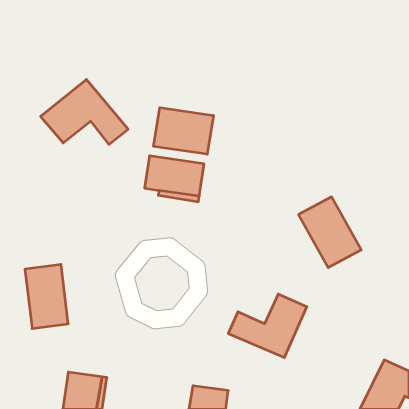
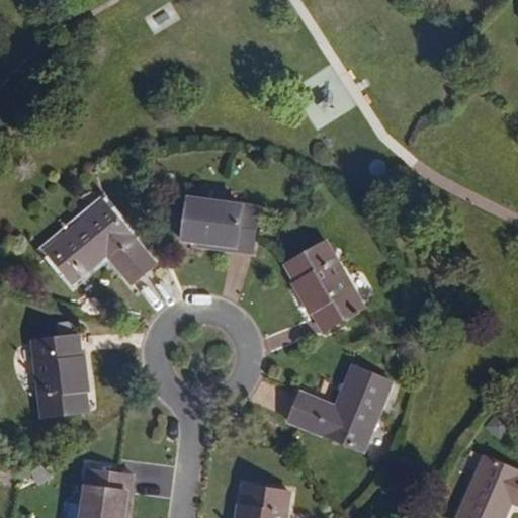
building: [41,79,128,144] -> [44,200,154,282]
building: [154,108,213,154] -> none
building: [299,197,361,268] -> [285,242,364,331]

